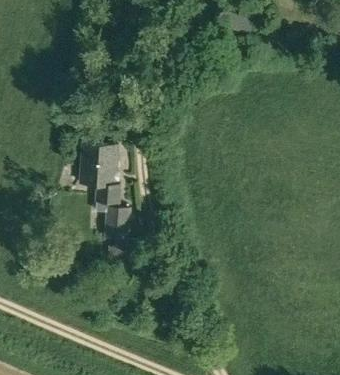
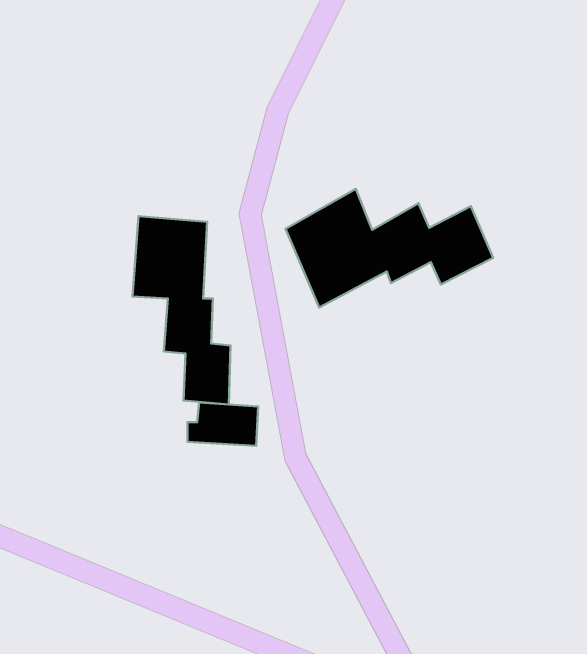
building: none -> [286,189,493,308]

